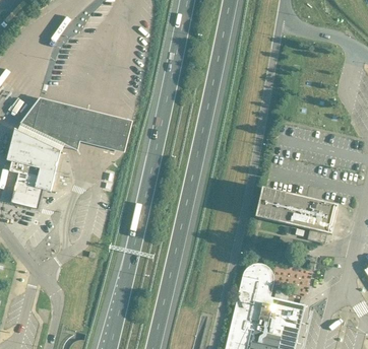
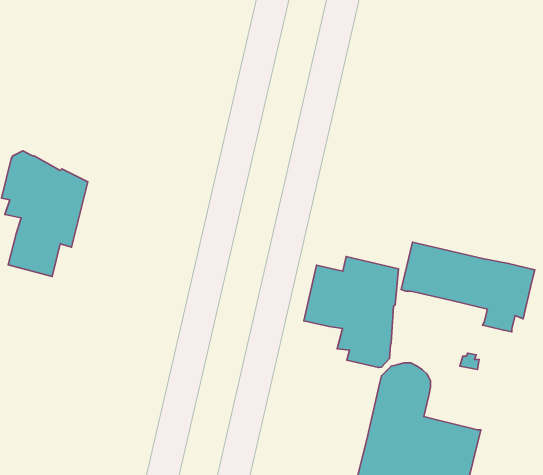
building: [20,99,130,153] -> none
building: none -> [304,257,399,368]

